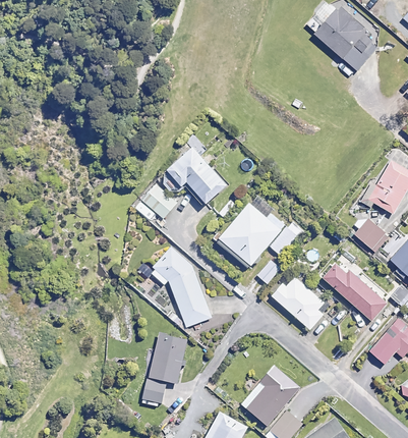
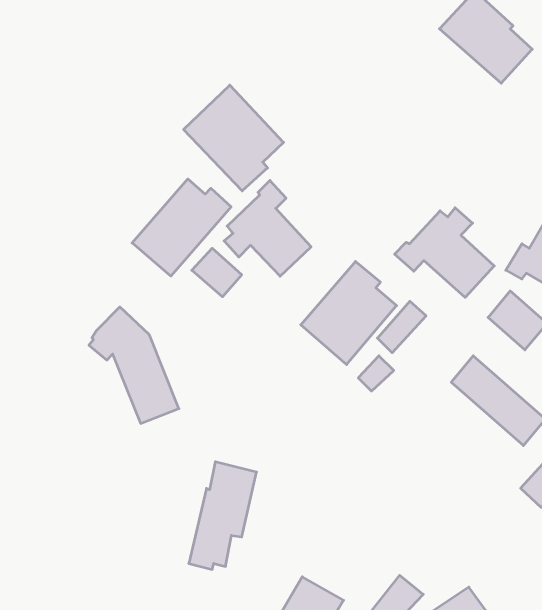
building: none -> [184,85,284,191]
building: none -> [132,179,231,276]
building: none -> [395,208,494,297]
building: [151,248,213,328] -> [89,307,179,423]
building: [271,272,331,329] -> none
building: [241,367,299,427] -> none

